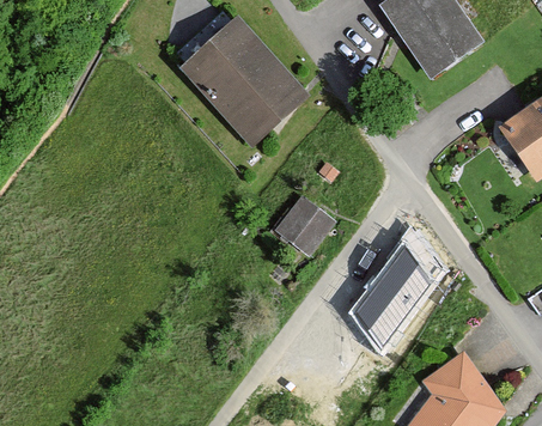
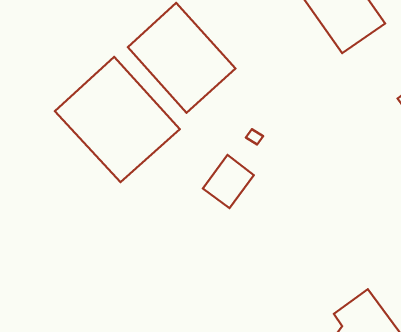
building: none -> [55,57,180,182]
building: [352,239,433,352] -> none

